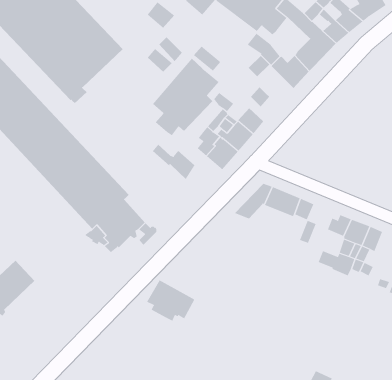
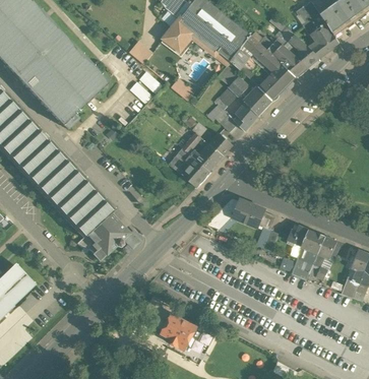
building: [152,58,220,136] -> none
building: none -> [234,97,257,129]
building: [152,144,195,180] -> none
building: [146,280,195,322] -> [161,313,203,350]

